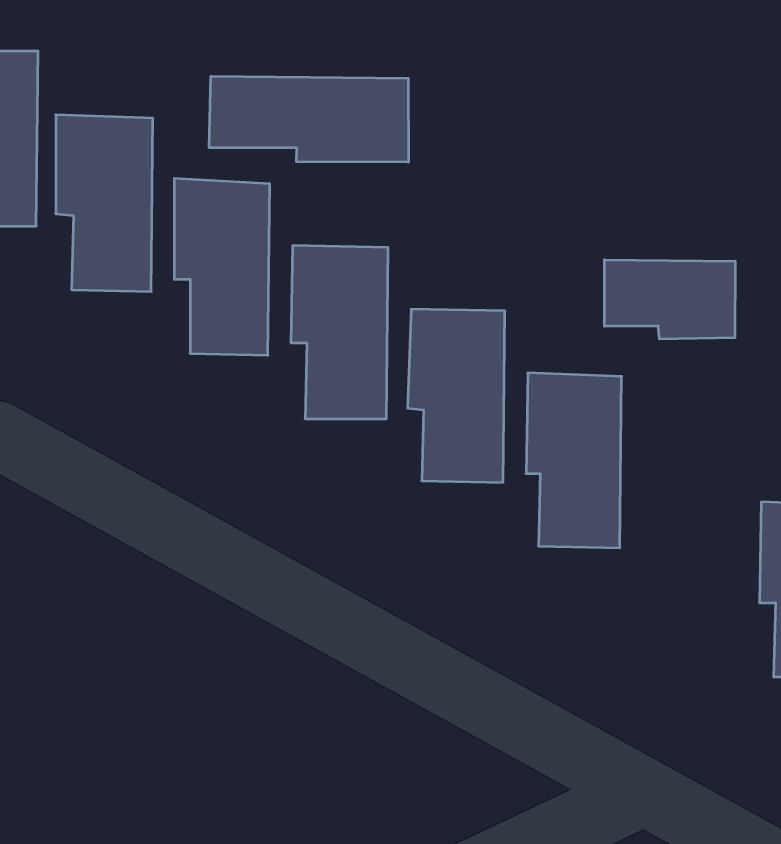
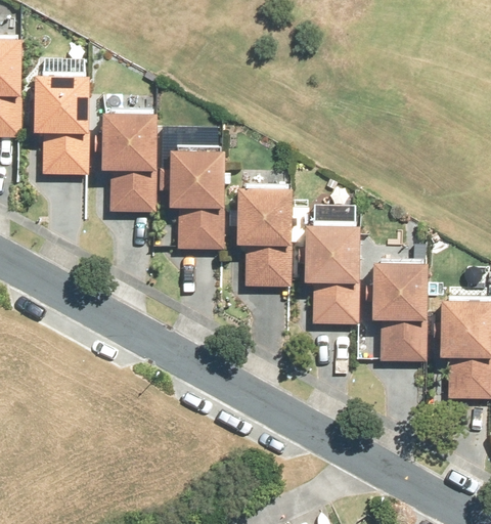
building: [209,76,408,162] -> none
building: [604,260,735,339] -> none
building: none -> [372,263,428,362]

